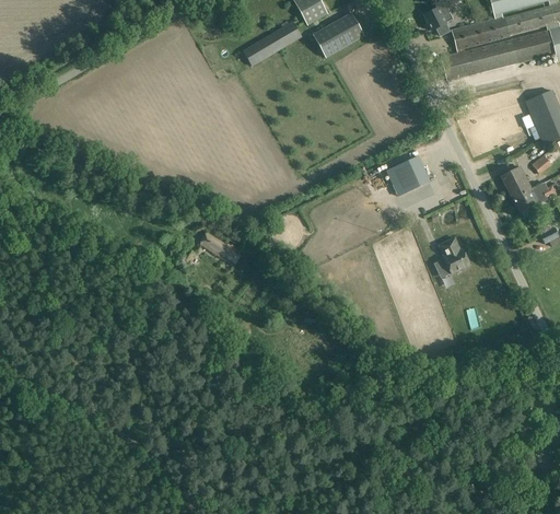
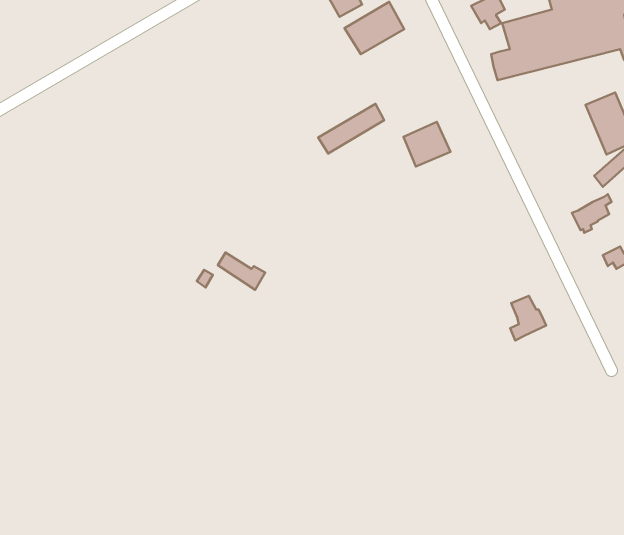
building: [243,21,301,65] -> [318,104,384,154]
building: [387,155,429,195] -> [403,122,451,167]
building: [501,165,530,197] -> none
building: [438,237,469,277] -> [510,296,546,340]

